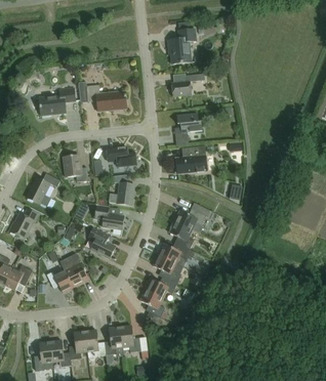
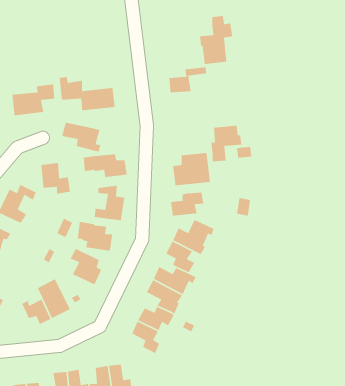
building: [168,23,197,65] -> [199,15,233,65]
building: [175,114,202,145] -> [211,125,242,162]
building: none -> [61,122,101,153]
building: none -> [170,192,207,217]

